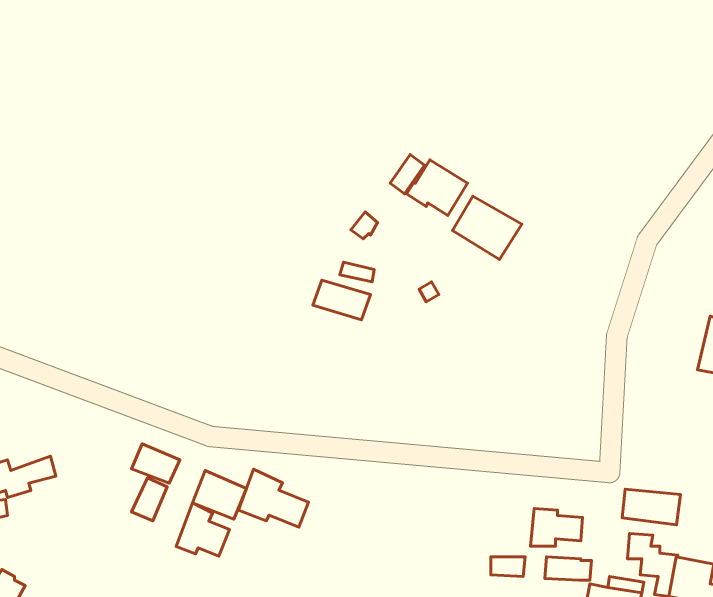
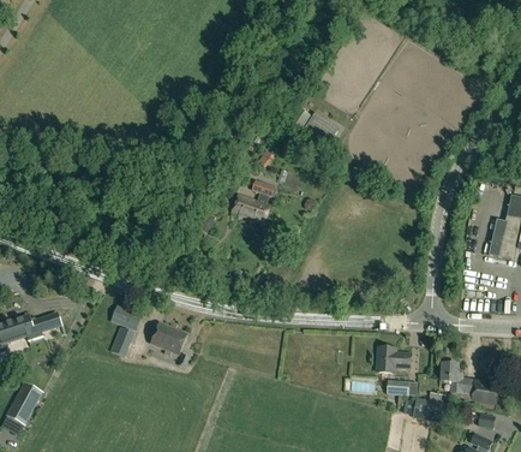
building: [453,196,522,260] -> none
building: [239,469,309,527] -> none
building: [622,489,680,525] -> none
building: [176,503,229,556] -> none

